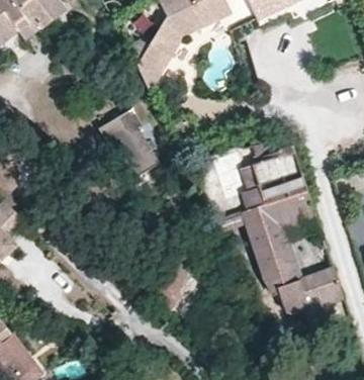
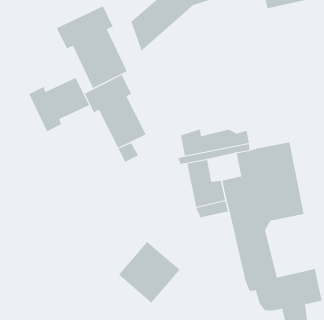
building: none -> [56,6,127,89]
building: none -> [28,77,90,132]

